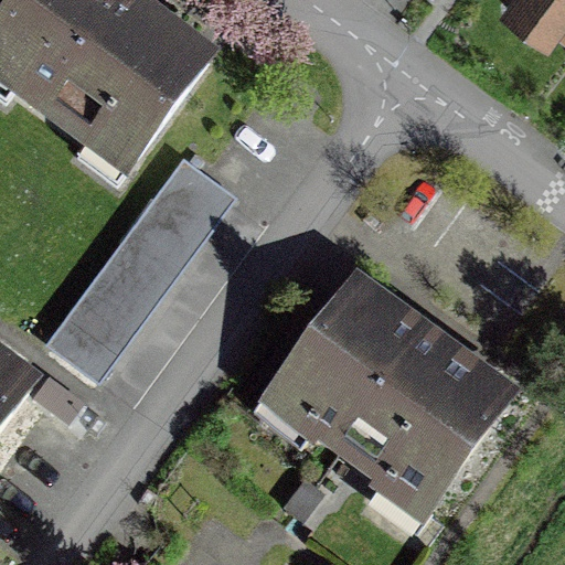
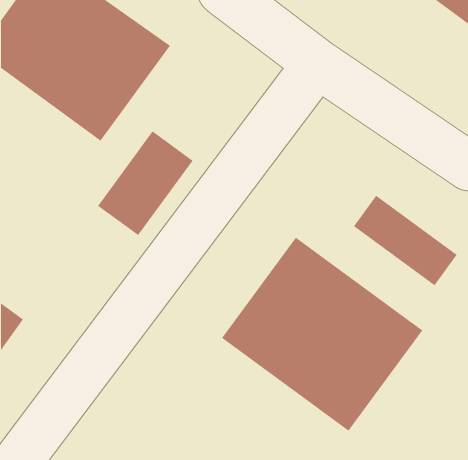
building: none -> [353,195,457,286]
building: [47,247,168,377] -> none

